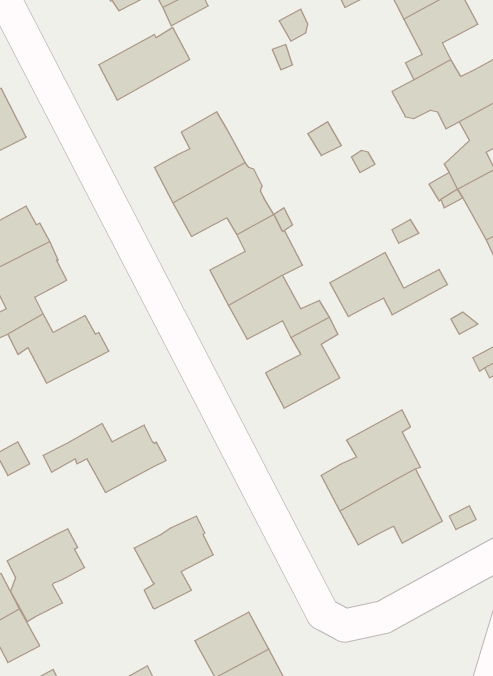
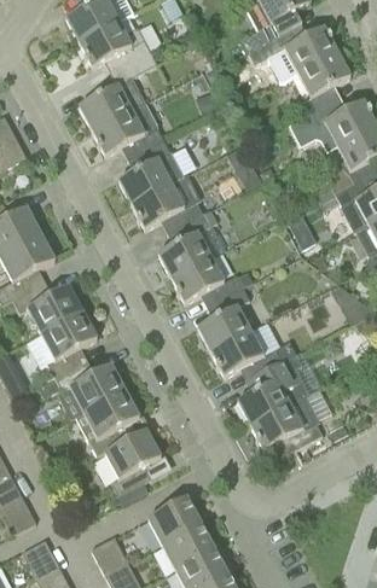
building: none -> [92,100,163,153]
building: [330,253,448,317] -> [211,328,296,374]
building: none -> [41,309,98,375]
building: [7,529,85,622] -> [83,388,139,454]

